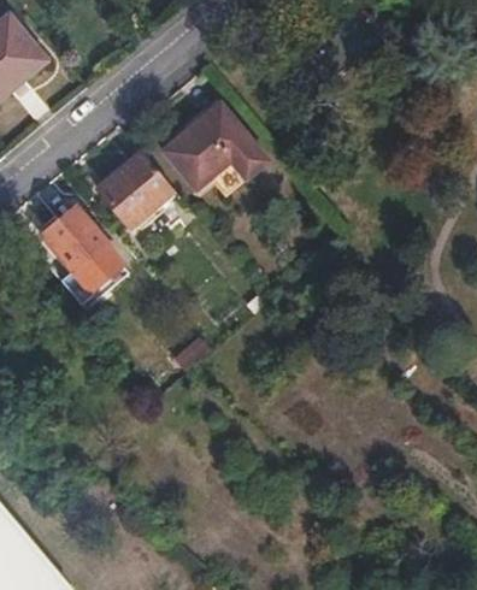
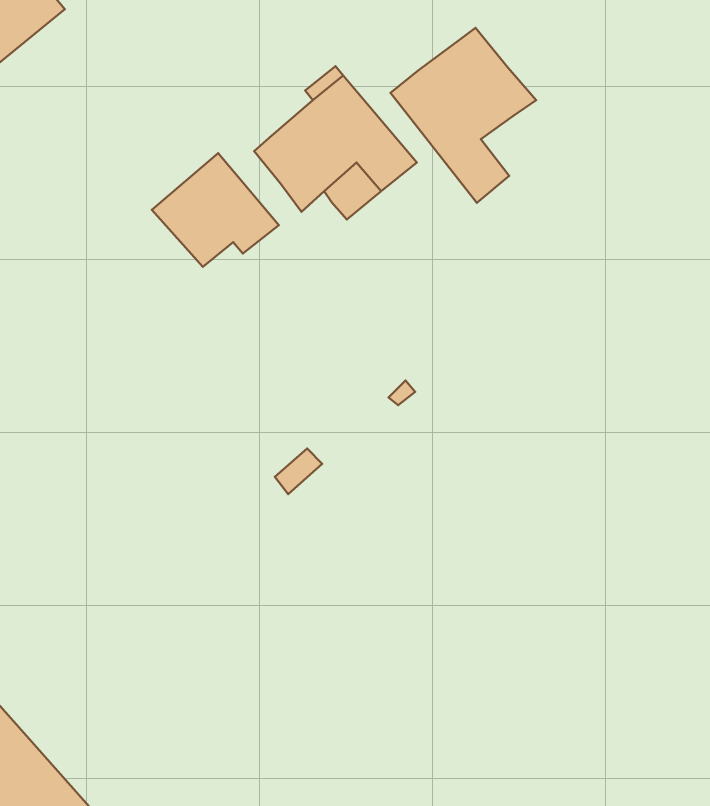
building: none -> [390,28,536,203]
building: [42,208,123,301] -> none

